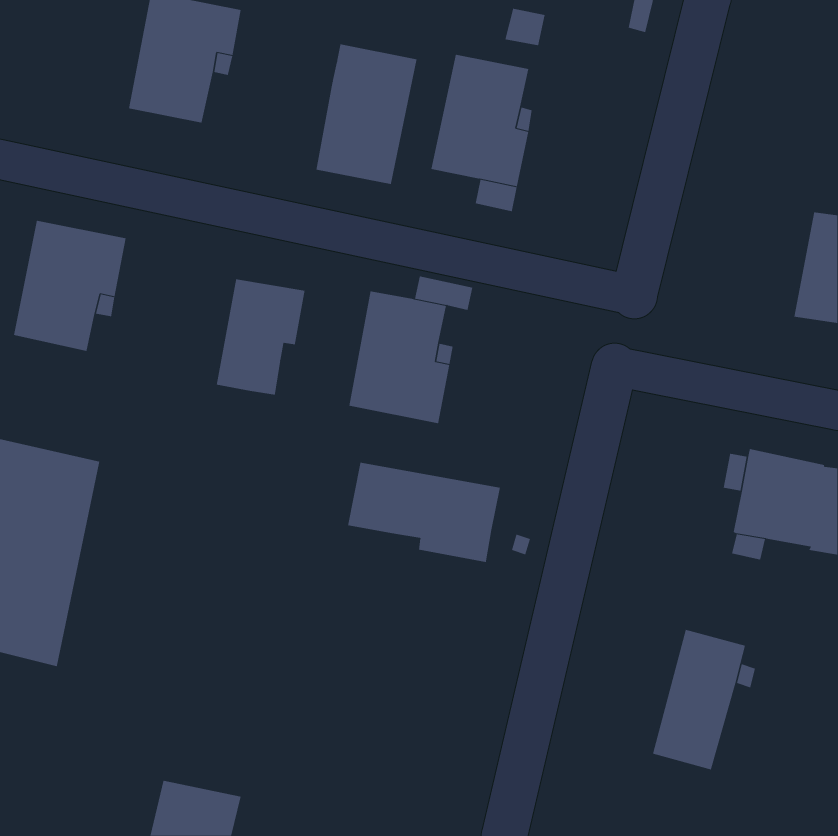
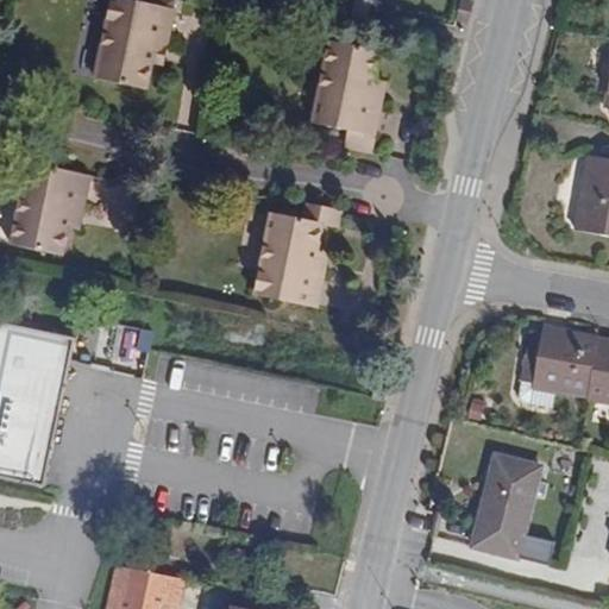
building: [316,43,417,185] -> none
building: [216,278,305,396] -> none
building: [348,462,500,563] -> none

